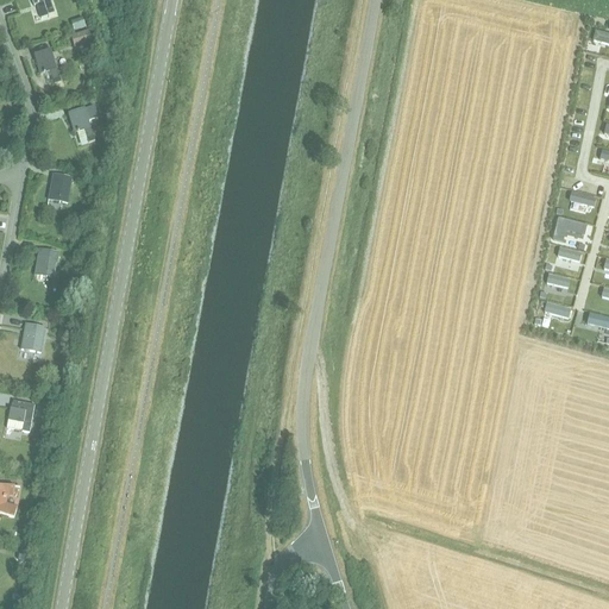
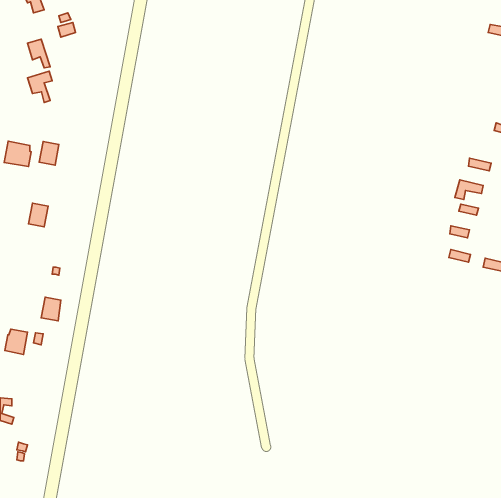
building: [68,103,98,142] -> [28,71,52,102]
building: none -> [4,141,31,167]
building: [21,321,45,350] -> [41,297,61,321]

